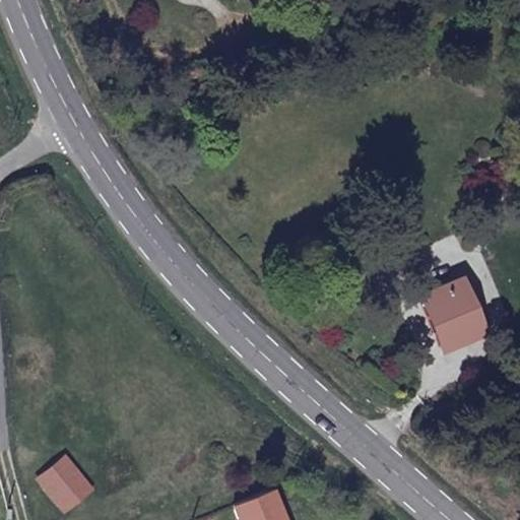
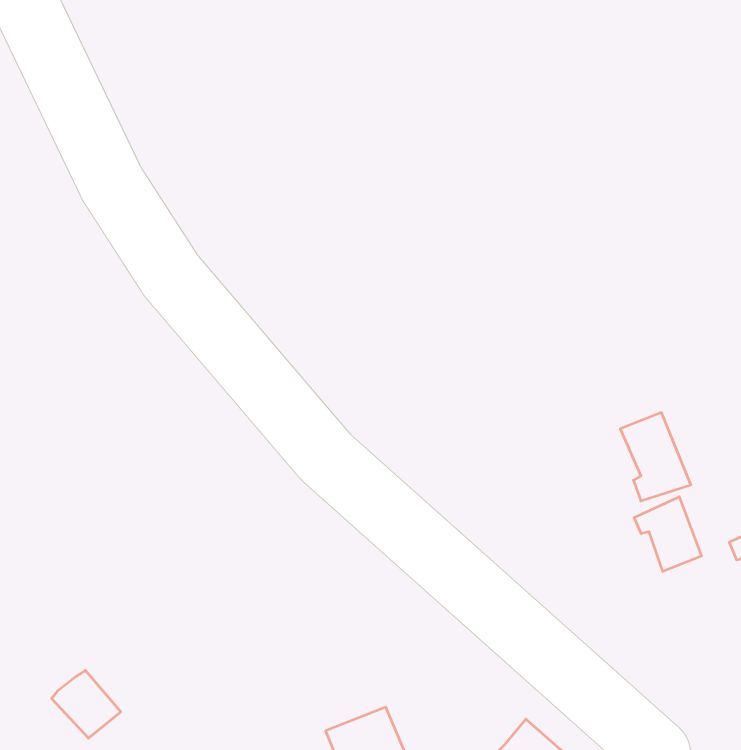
building: none -> [634,497,702,571]

